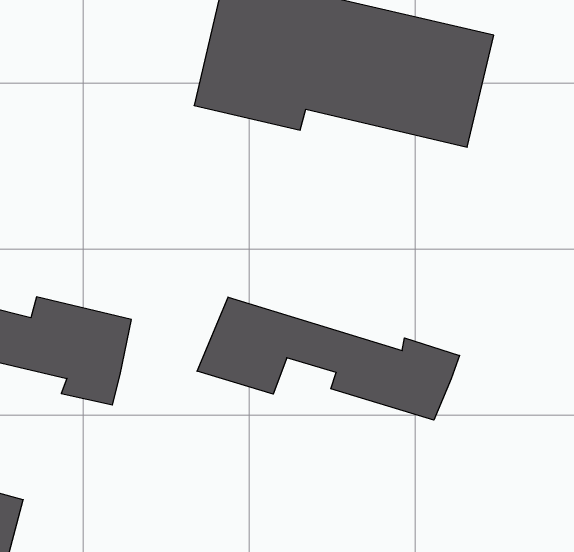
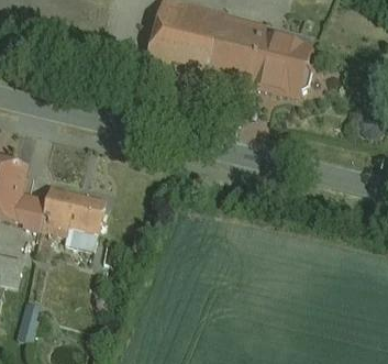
building: [197,297,460,420] -> none

